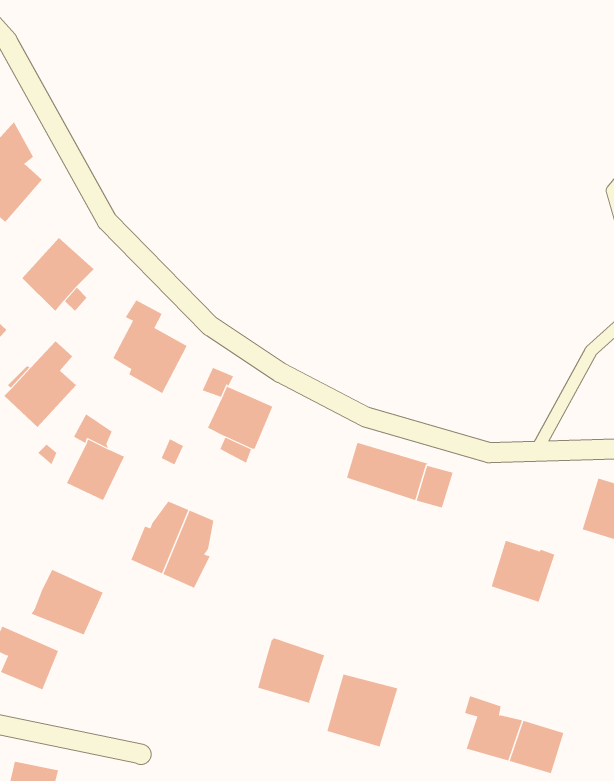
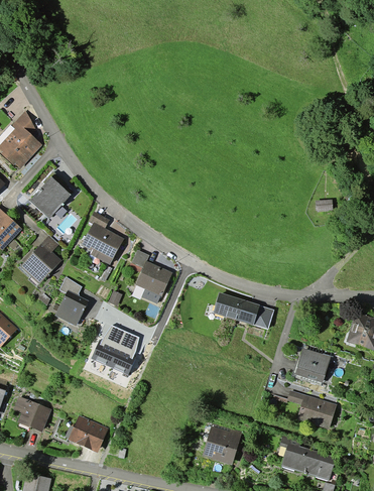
building: [30,569,104,635] -> [67,415,108,453]
building: none -> [286,390,336,429]
building: [258,638,325,704] -> none

